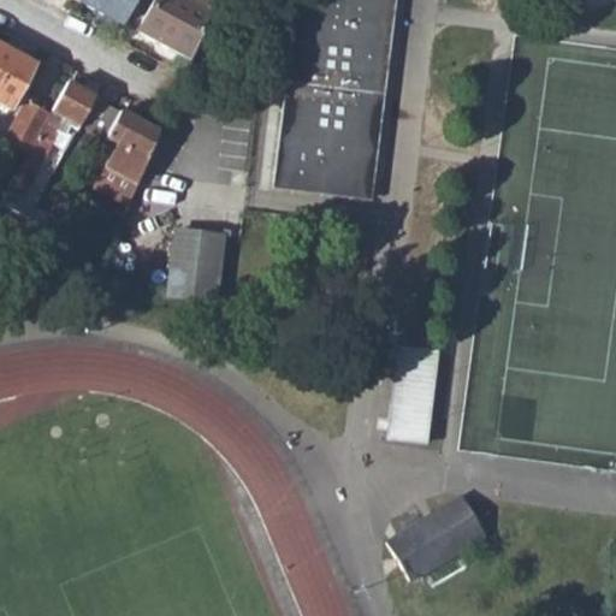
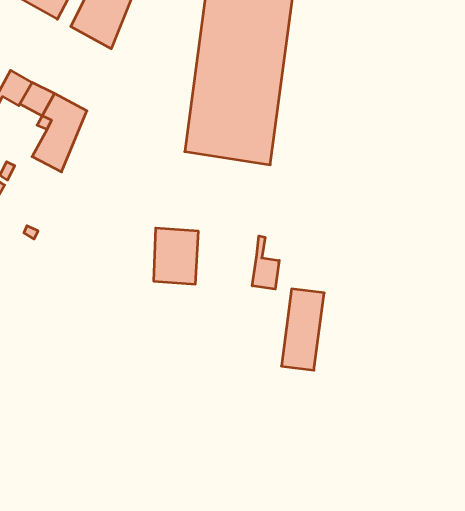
building: [173,229,226,295] -> [154,228,198,284]
building: none -> [252,236,279,289]
building: [386,498,485,580] -> none

